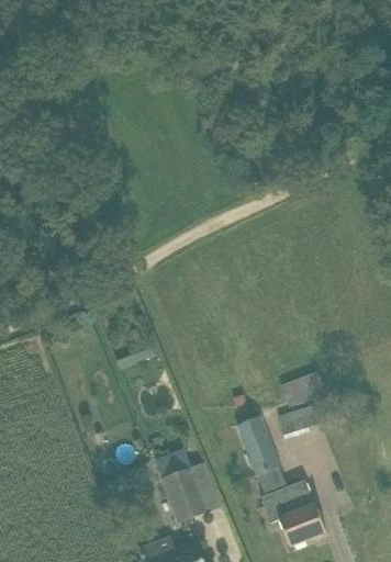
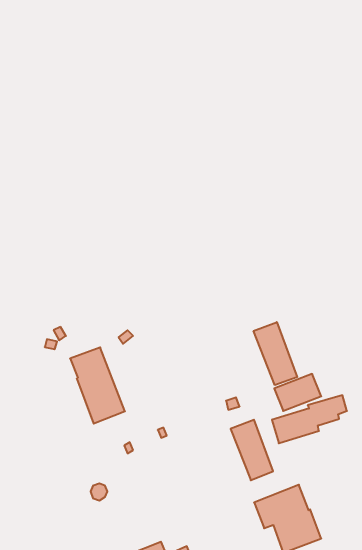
building: none -> [254,322,297,385]
building: [154,448,208,522] -> [70,347,125,424]

